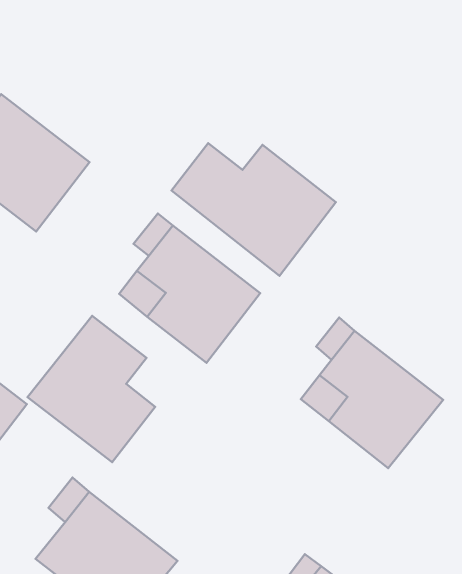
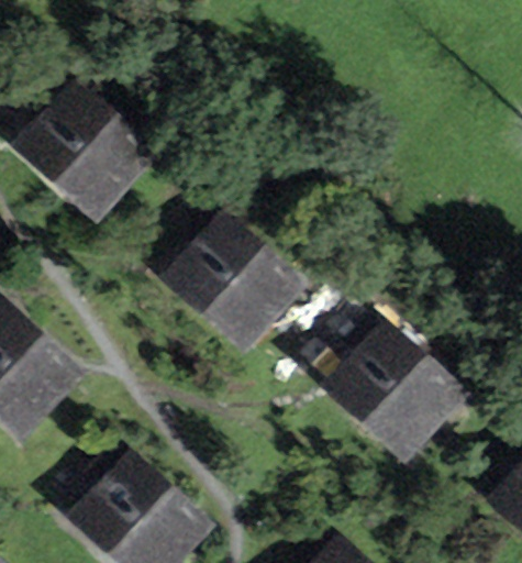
building: [172,143,336,276] -> none
building: [28,316,155,462] -> none

